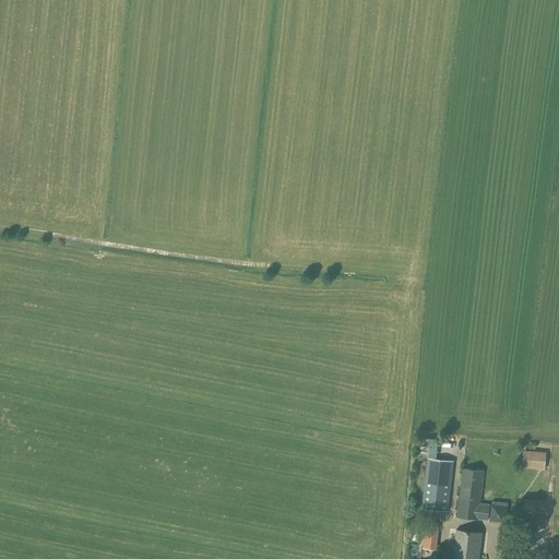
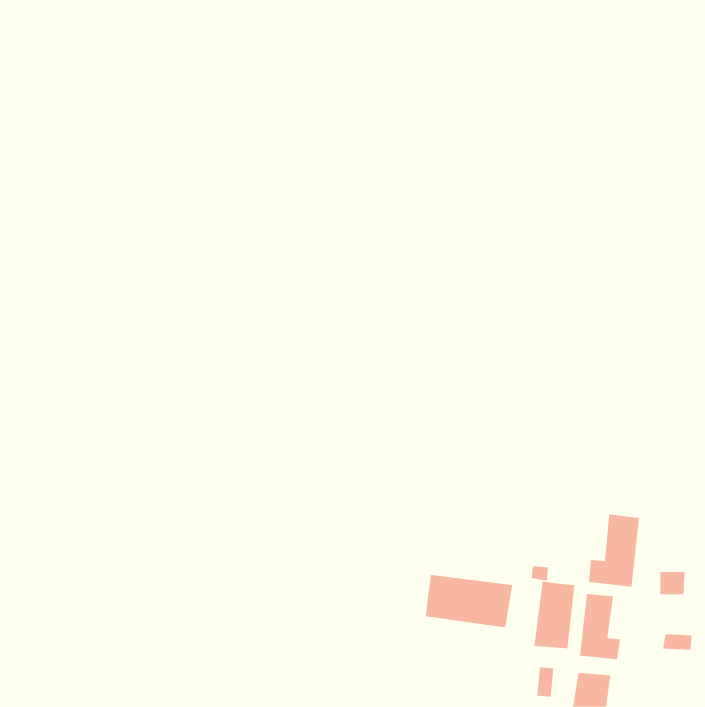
building: none -> [589,514,640,588]
building: none -> [425,574,513,628]

